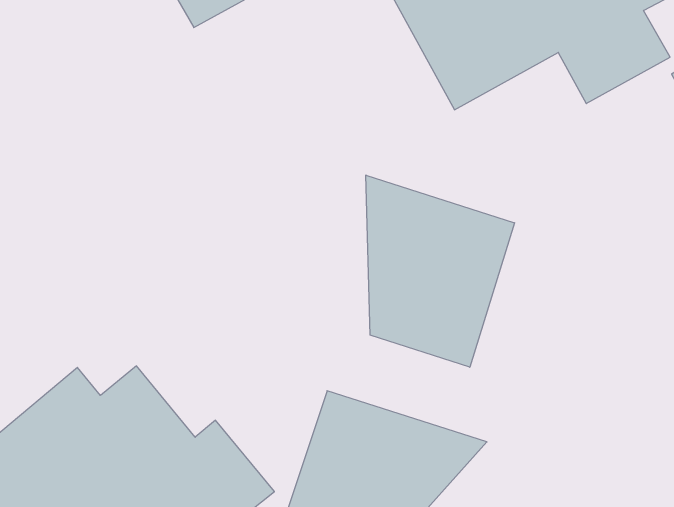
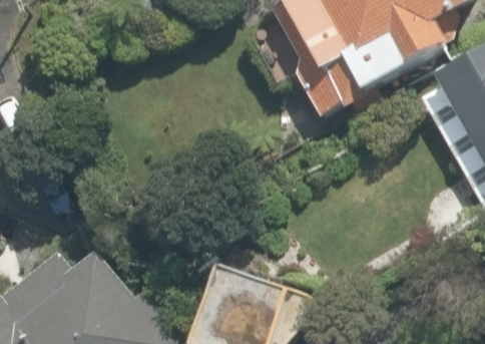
building: [366,175,515,367] -> none

